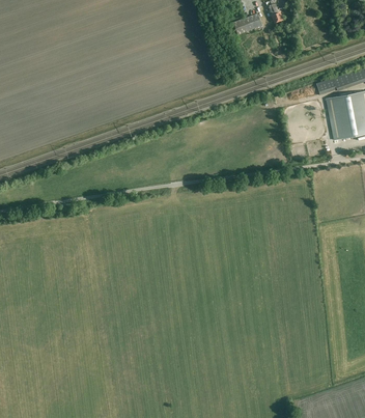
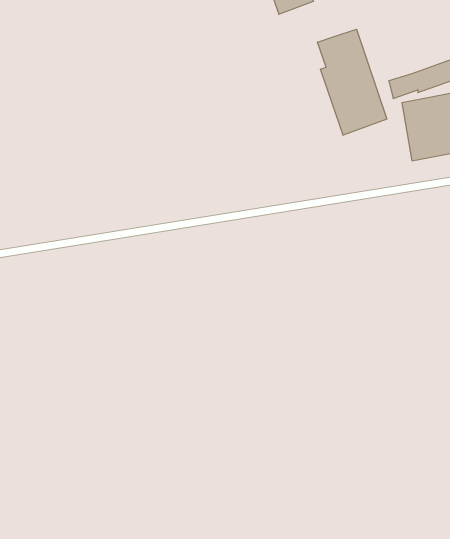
building: none -> [317,29,387,135]

